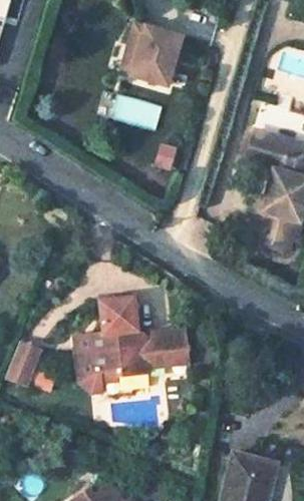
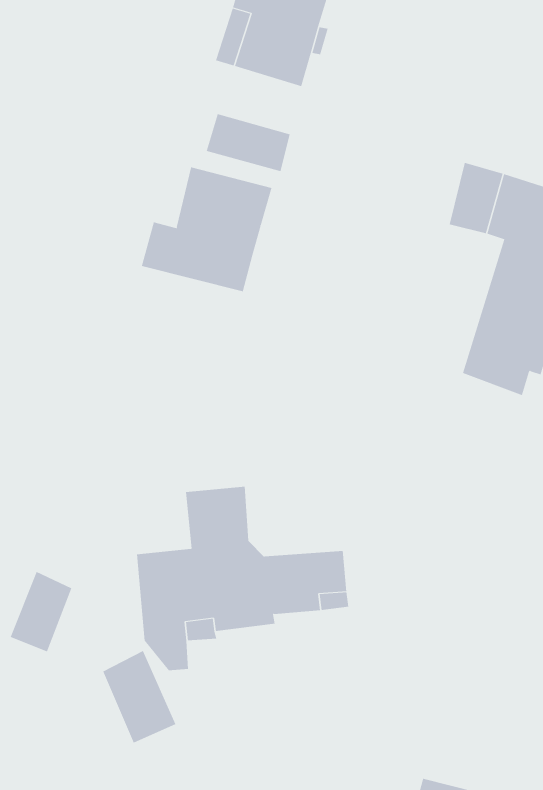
building: none -> [141,167,272,292]
building: none -> [103,650,176,744]

